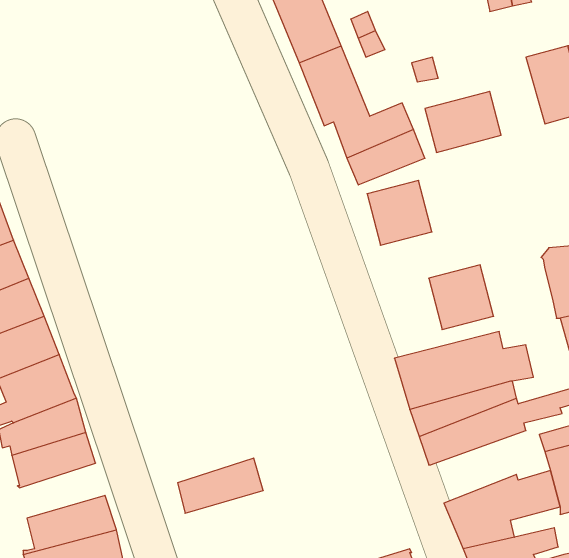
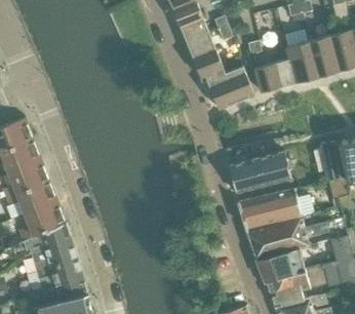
building: none -> [286,41,319,83]
building: [367,180,432,245] -> [229,160,264,195]
building: none -> [258,242,310,281]
building: [178,458,263,513] -> [36,260,82,289]

